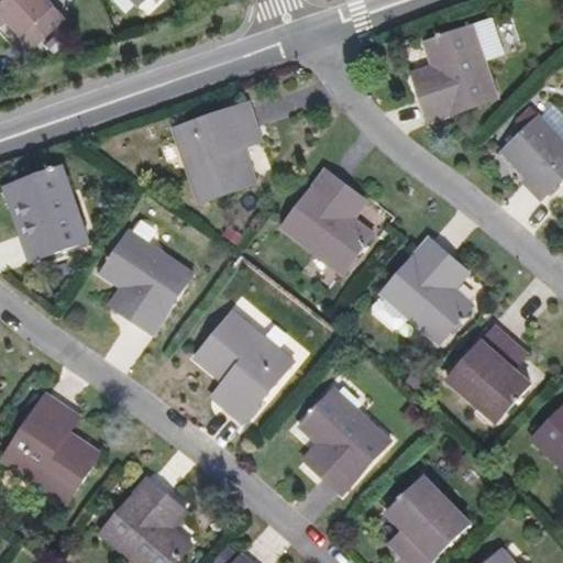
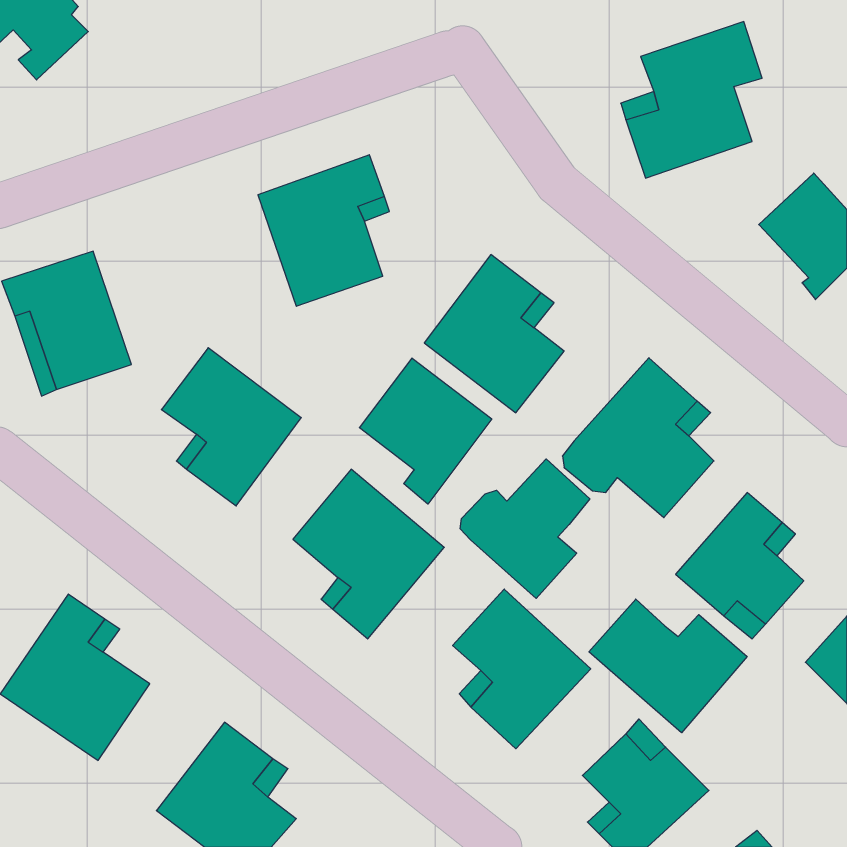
building: none -> [359,358,492,504]
building: none -> [460,459,590,598]
building: none -> [589,599,747,733]

